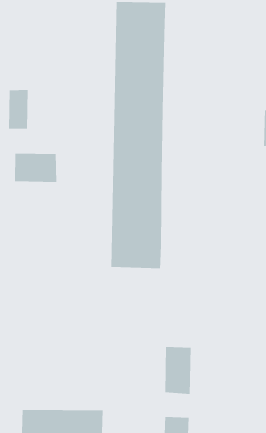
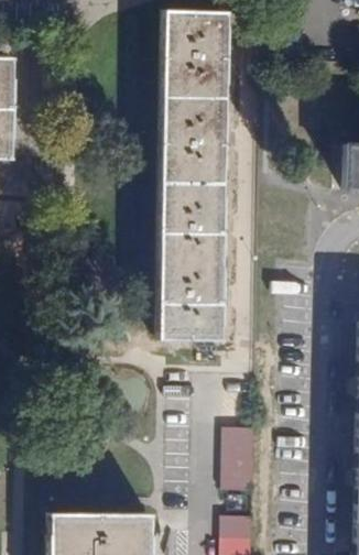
building: [8,89,29,129] -> none
building: [14,153,57,183] -> none

